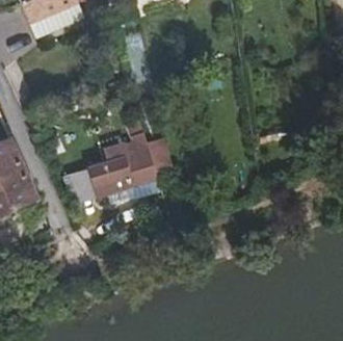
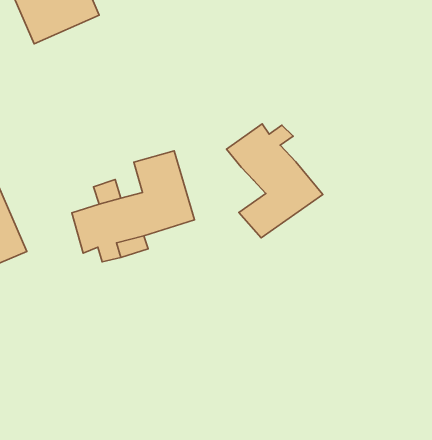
building: none -> [226,124,323,238]

